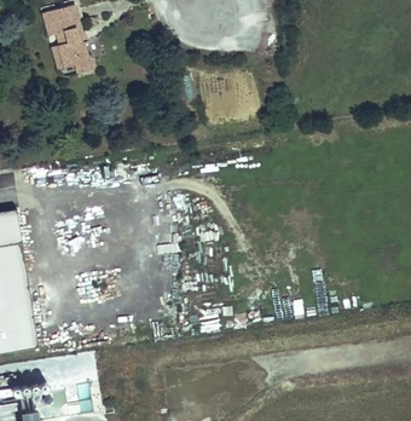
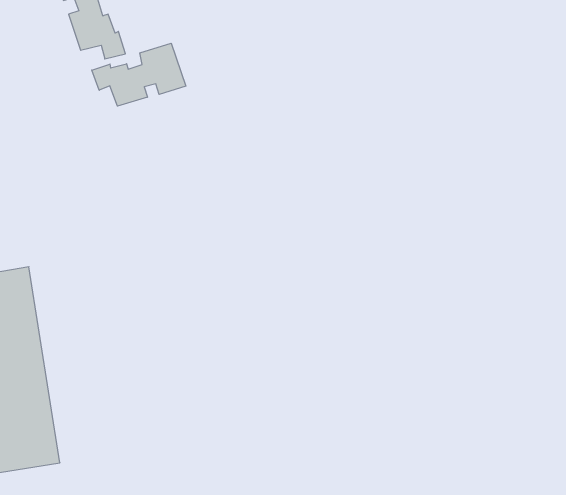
building: none -> [92,43,186,106]

